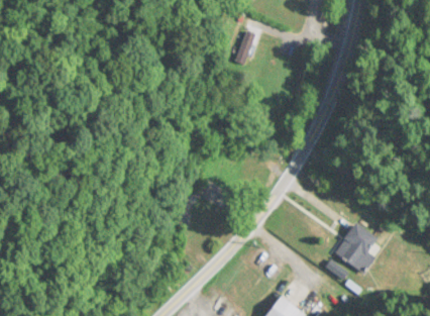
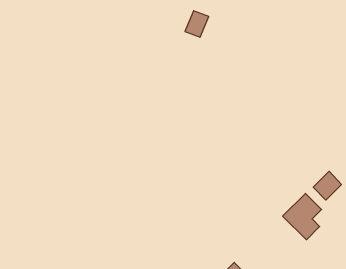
building: none -> [313,171,341,200]

